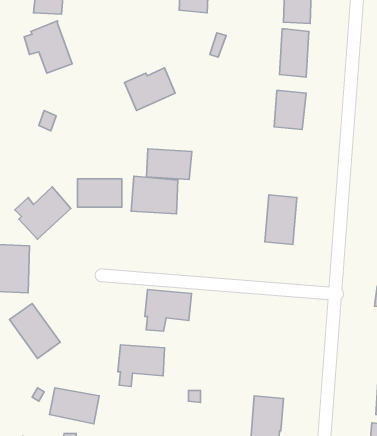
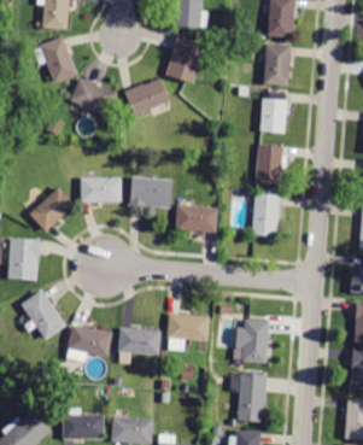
building: none -> [166,35,206,82]
building: none -> [70,77,117,117]
building: none -> [256,142,287,183]
building: [146,149,192,180] -> [176,204,217,232]
building: [145,290,192,331] -> [168,314,210,351]
building: none -> [235,318,269,363]
building: [50,388,99,424] -> [68,324,112,357]

